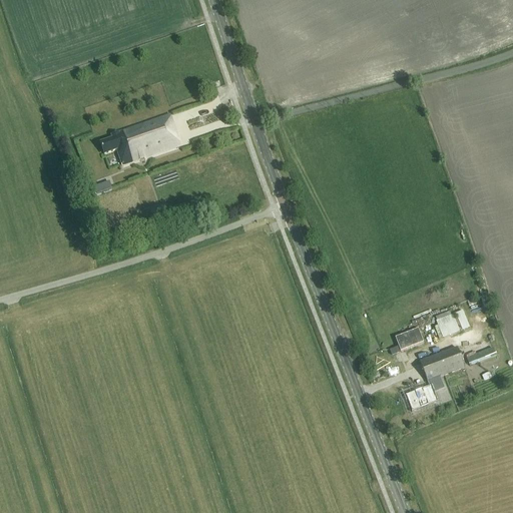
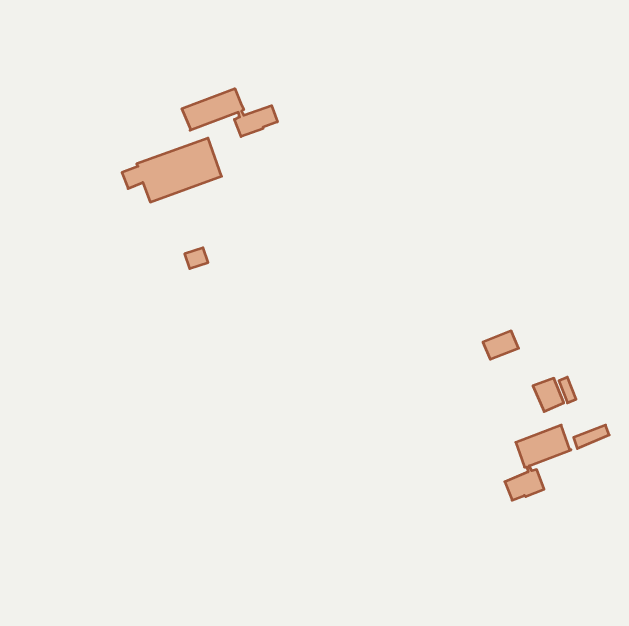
building: none -> [182,89,277,137]
building: [395,327,424,350] -> [483,331,519,359]

